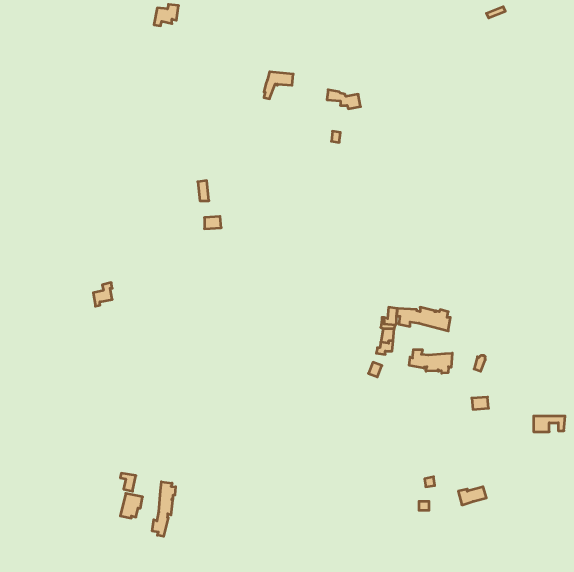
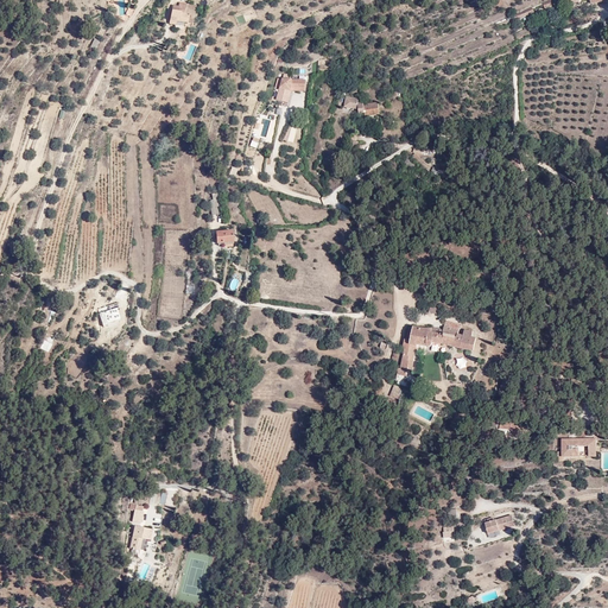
building: [409,350,452,373] -> none
building: [152,482,176,536] -> none

